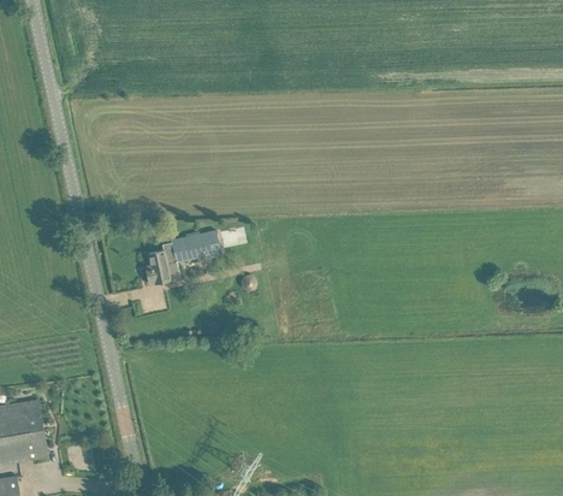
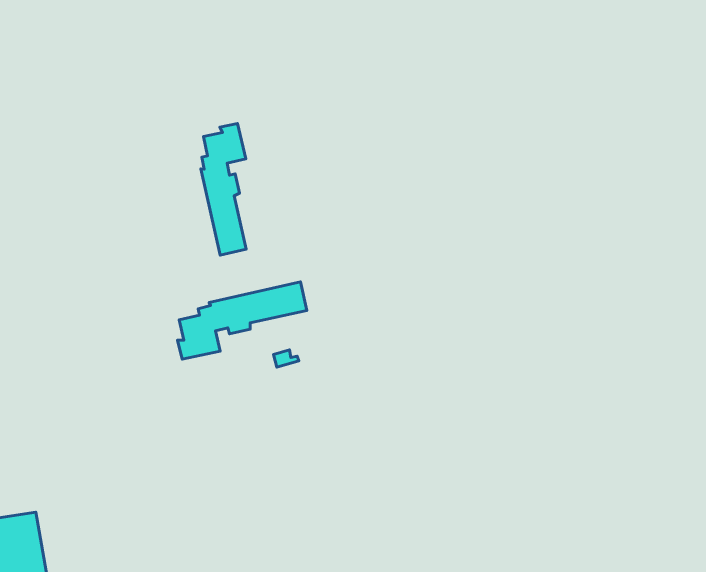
building: none -> [201,124,246,255]

